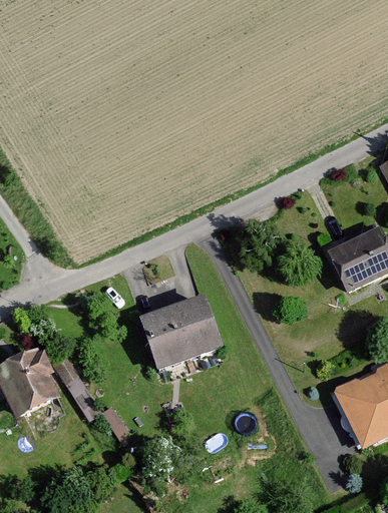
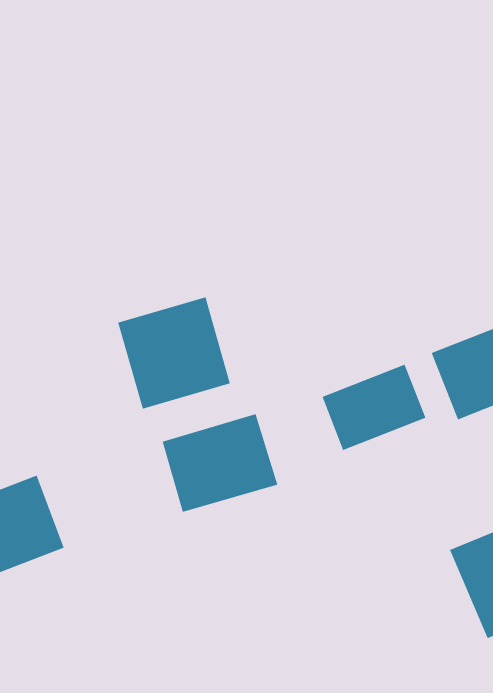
building: none -> [118,297,231,409]
building: none -> [322,364,426,451]

